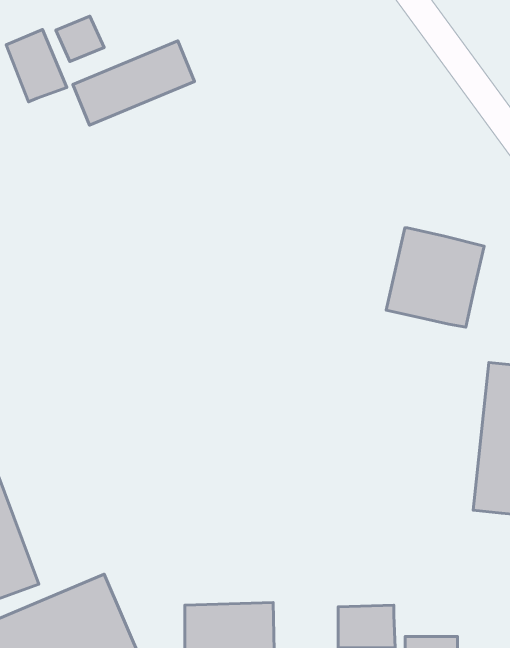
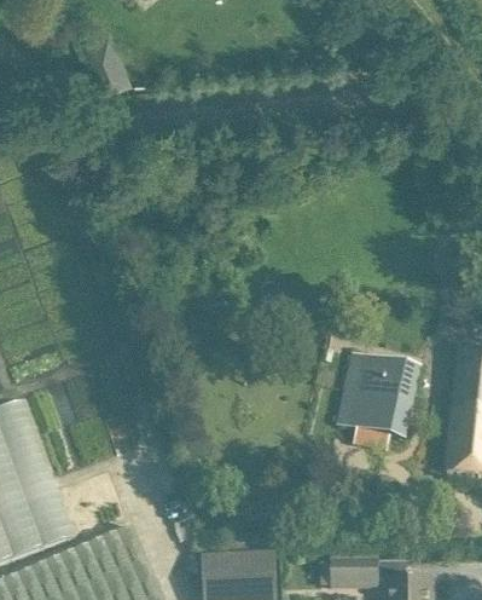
building: [6,30,67,102] -> none
building: [73,41,195,125] -> none
building: [386,228,484,327] -> [335,354,418,439]

